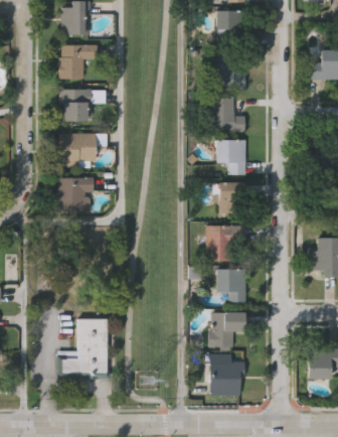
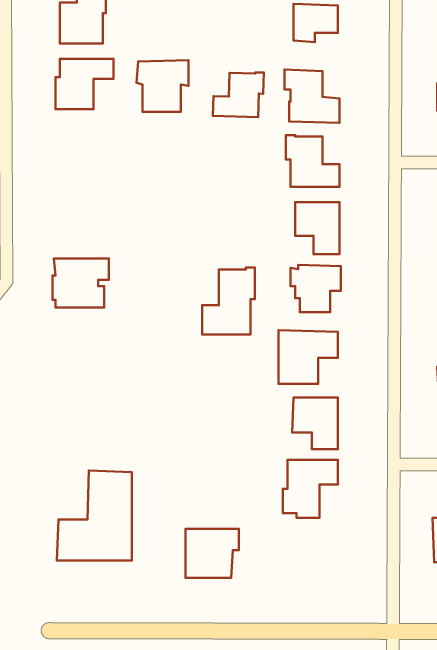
building: none -> [213,72,264,117]
building: [57,89,92,123] -> [136,60,188,112]
building: [58,136,107,167] -> none
building: none -> [202,268,255,335]
building: [209,362,244,395] -> [185,529,239,578]

